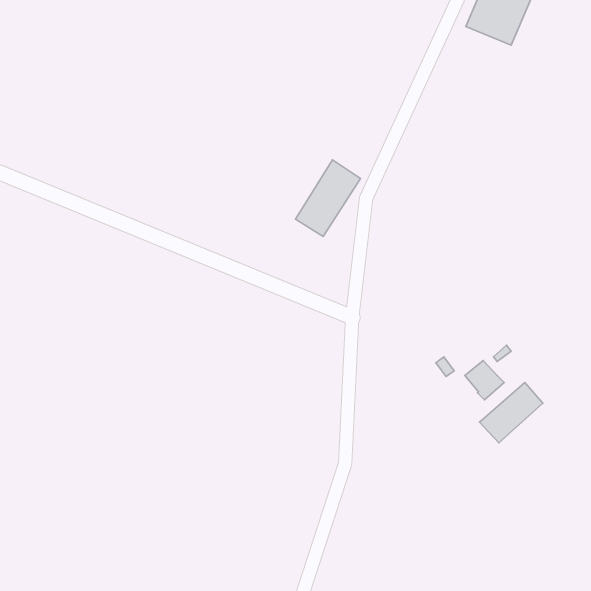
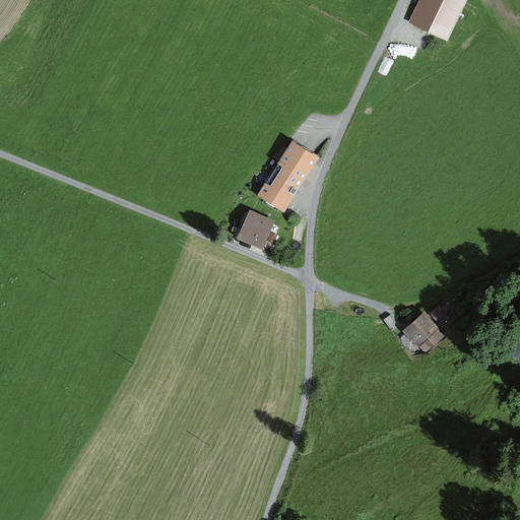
building: none -> [242,213,268,242]
building: [480,382,543,443] -> none

